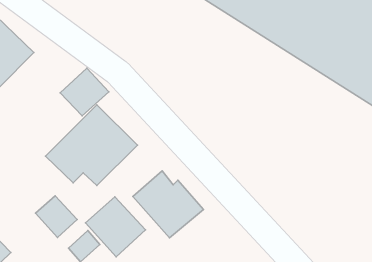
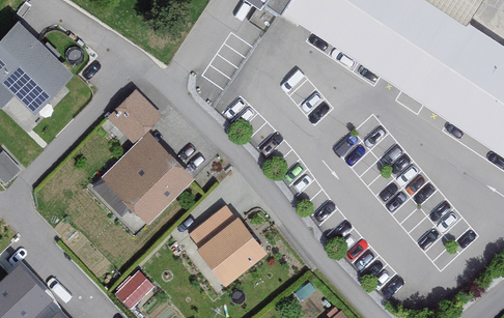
building: [36,196,77,237] -> none
building: [85,197,146,257] -> none

